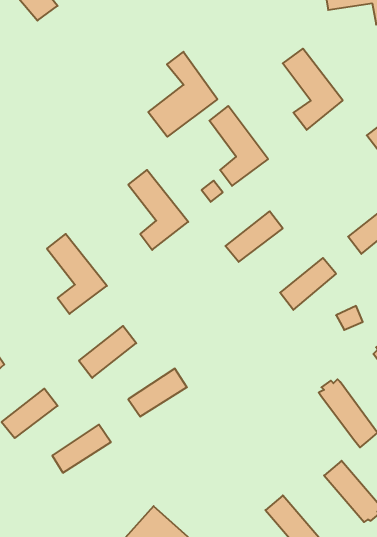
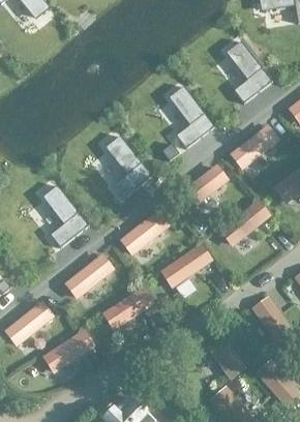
building: [148,52,217,137] -> none
building: none -> [231,127,275,168]
building: none -> [121,213,166,253]
building: none -> [162,247,208,285]

